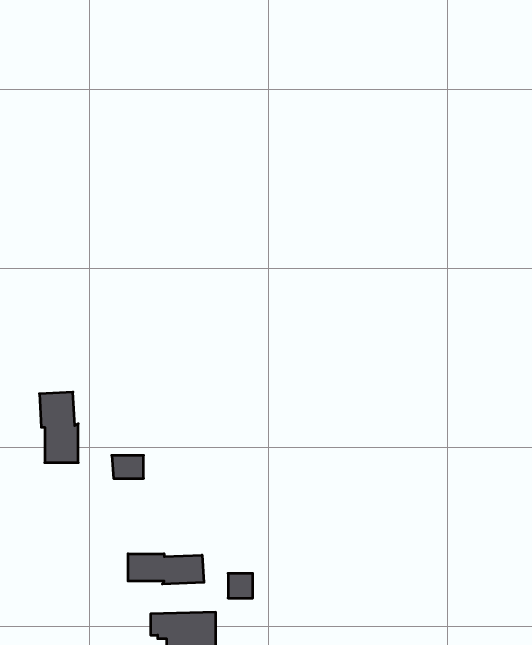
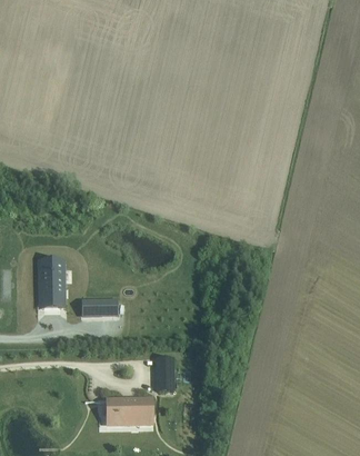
building: [128,554,204,584] -> none

